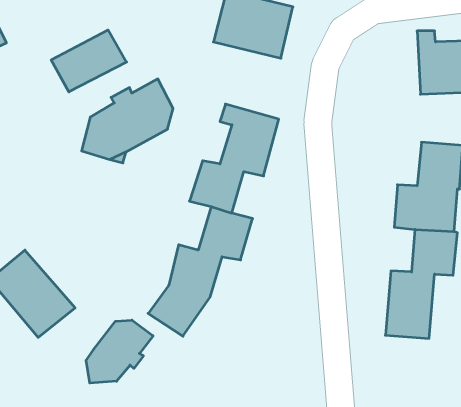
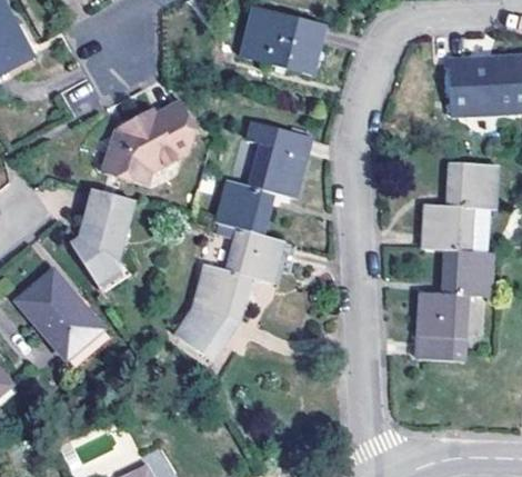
building: [51,30,127,92] -> none
building: none -> [74,187,135,286]
building: [86,320,153,383] -> none

